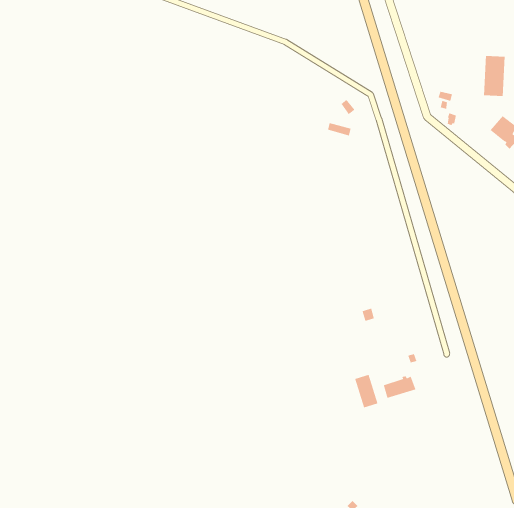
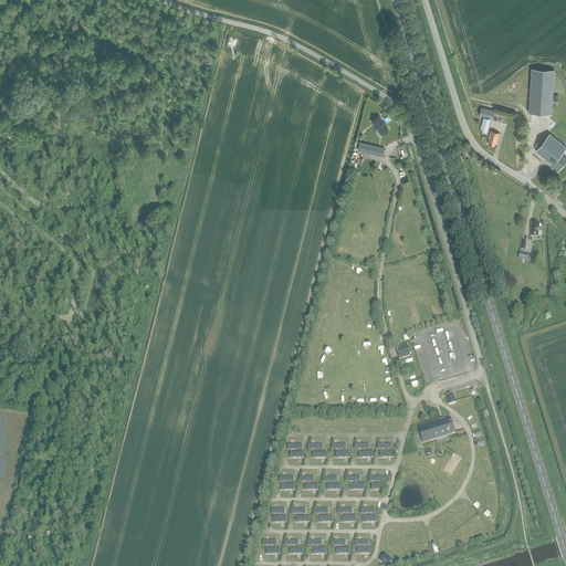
building: [354,374,379,409] -> none

